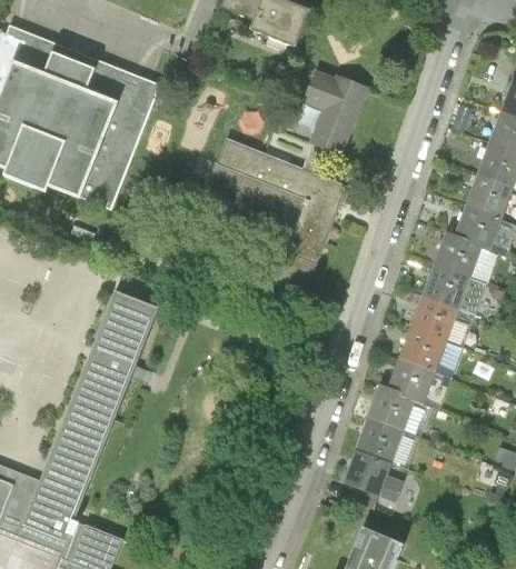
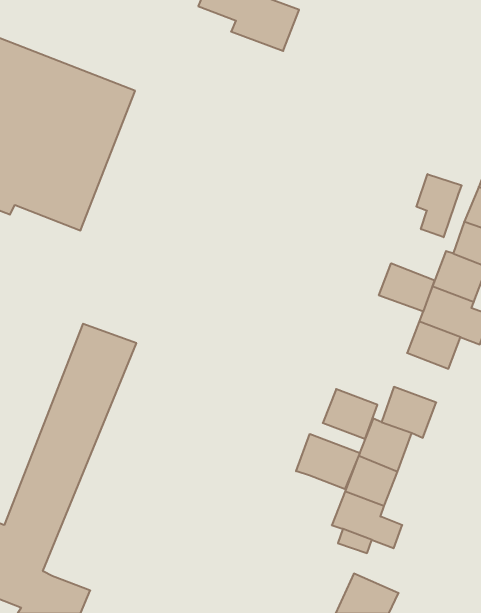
building: [202,68,370,296] -> none
building: none -> [416,174,462,237]
building: none -> [379,263,435,311]
building: [399,323,449,369] -> [323,389,377,439]
building: none -> [296,434,360,489]

